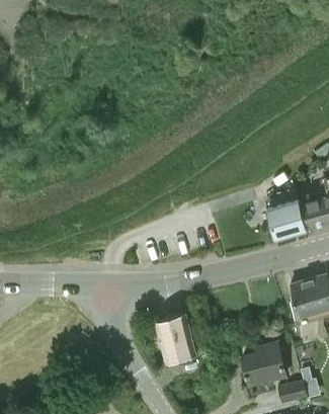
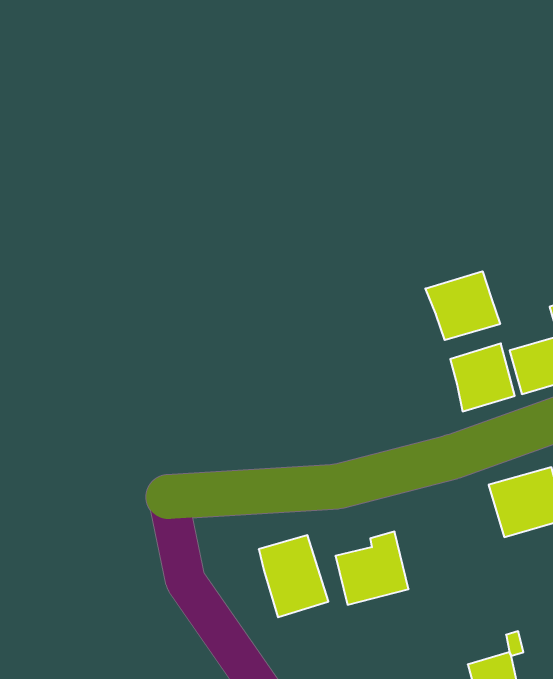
building: none -> [425,271,500,340]
building: [243,343,285,386] -> [335,532,409,605]

